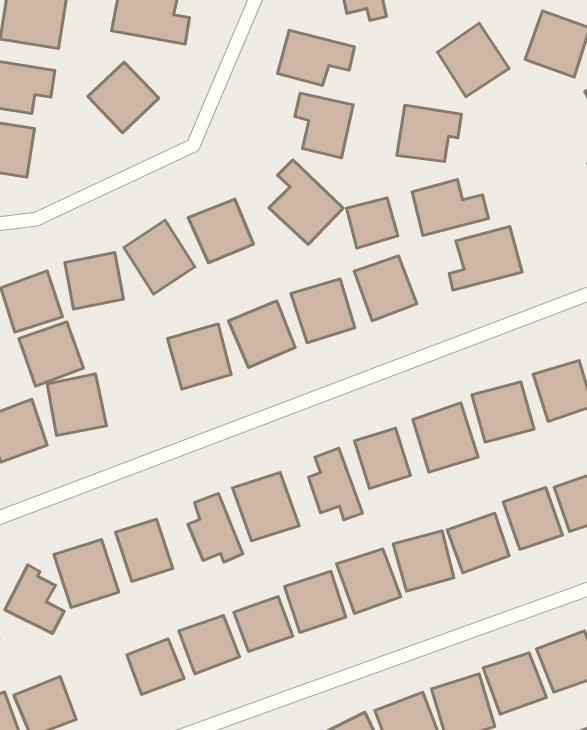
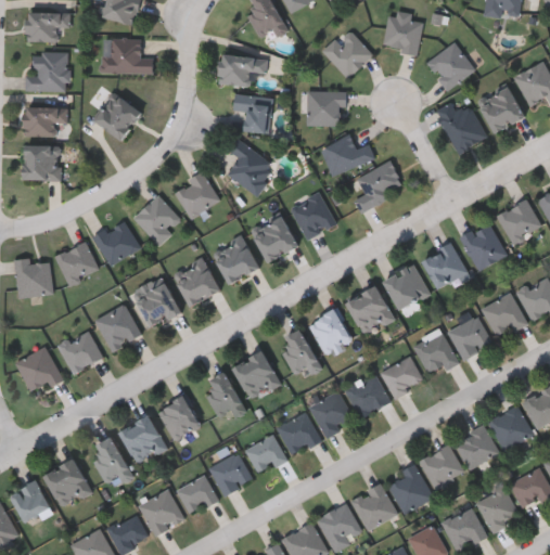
building: [347,198,398,248] -> none
building: [19,322,84,386] -> [133,282,180,328]
building: none -> [139,489,186,535]

